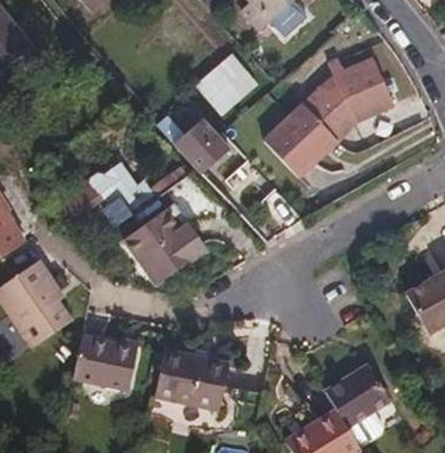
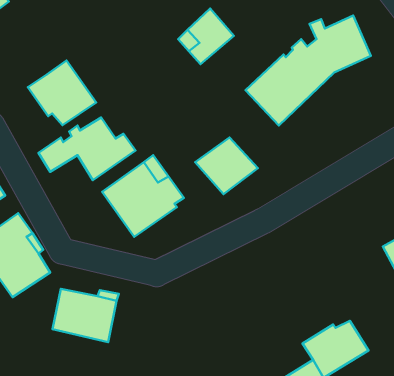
building: none -> [28,61,96,125]
building: [174,114,237,172] -> [195,137,258,194]
building: [154,348,229,410] -> none

